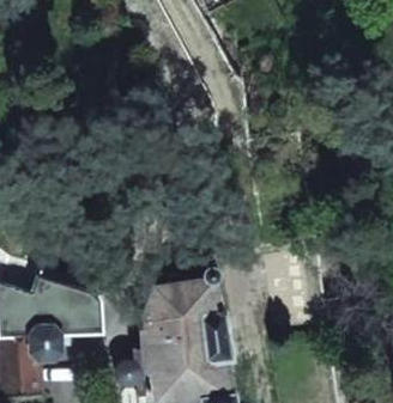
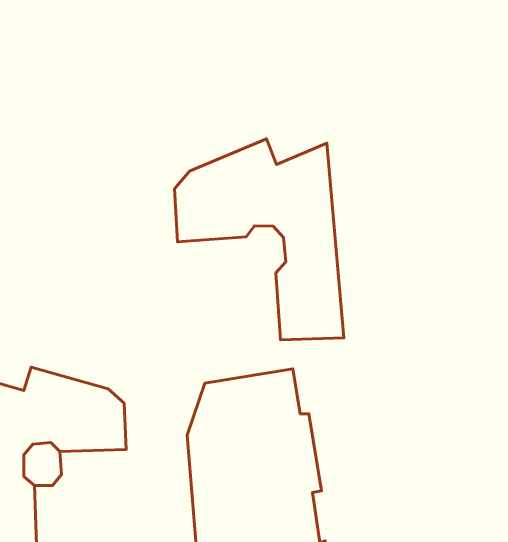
building: none -> [174,139,344,340]

